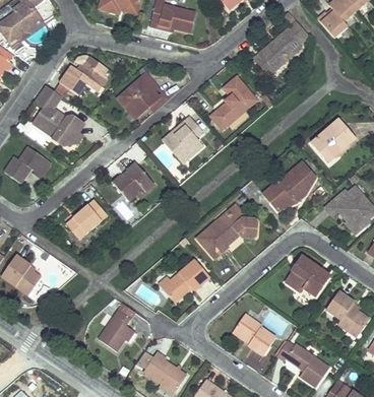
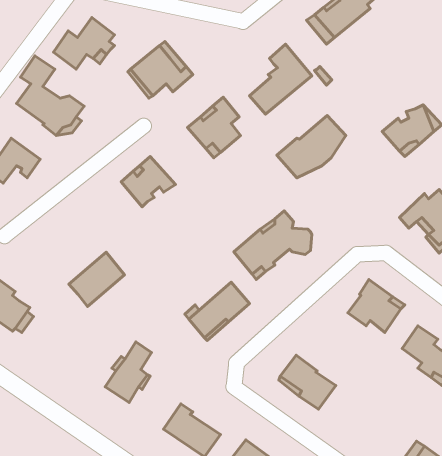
building: [263,162,316,210] -> [277,116,346,178]
building: [66,197,109,239] -> [69,252,125,307]
building: [277,340,329,387] -> none

